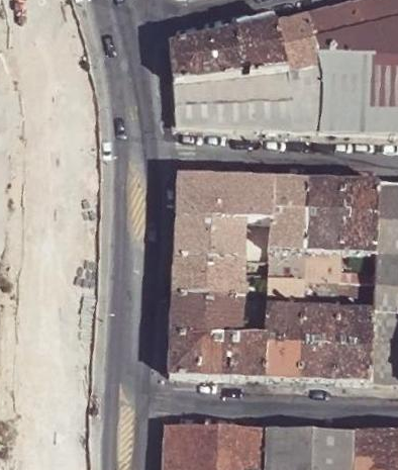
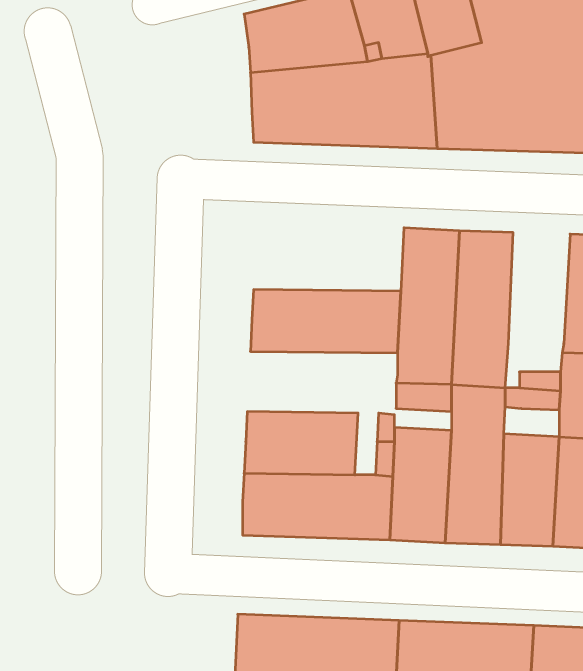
building: [176,175,272,218] -> none
building: [338,181,378,252] -> none
building: [172,257,268,296] -> none

